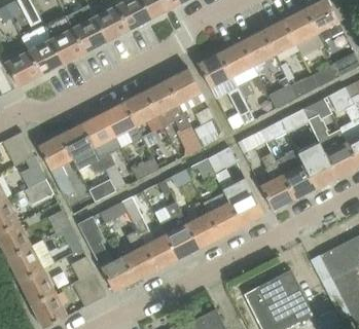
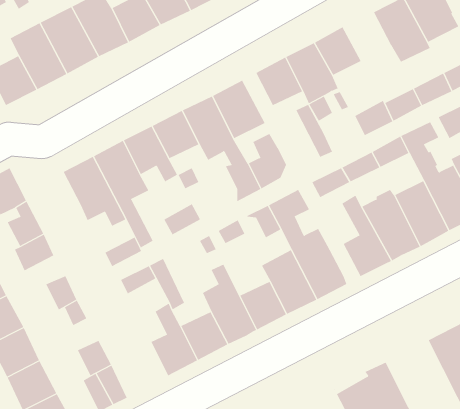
building: [260,21,294,56] -> none
building: [38,135,74,197] -> none
building: [78,217,135,292] -> none

